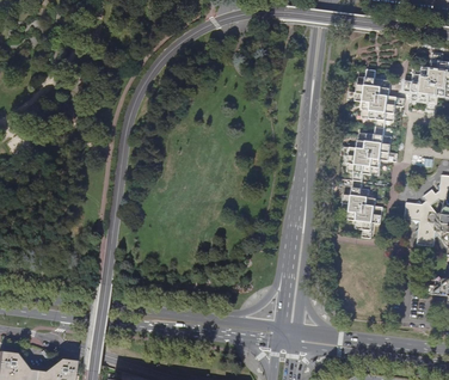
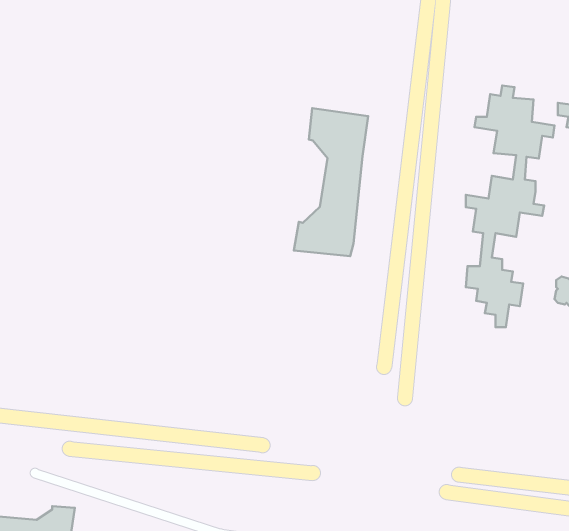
building: none -> [294,108,368,256]

